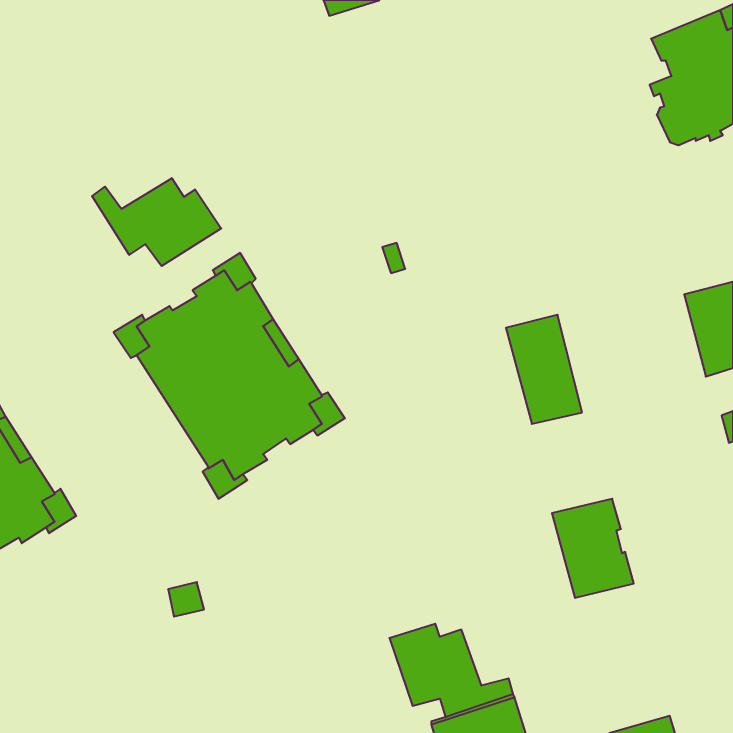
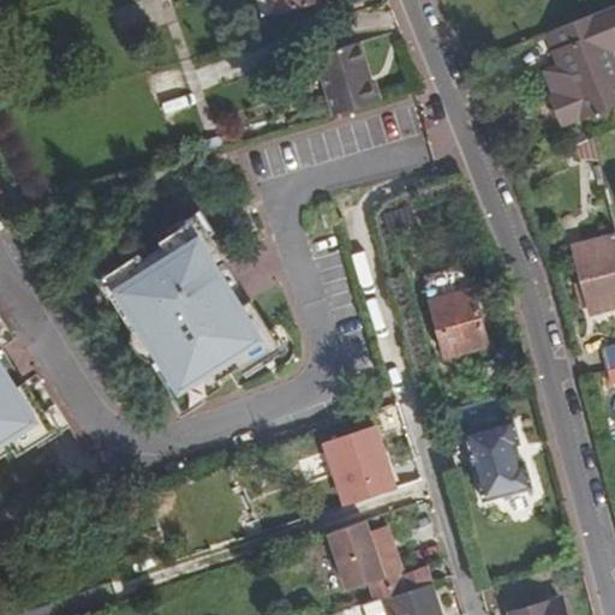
building: none -> [316,44,375,117]
building: [92,178,221,266] -> none
building: none -> [323,428,395,506]

